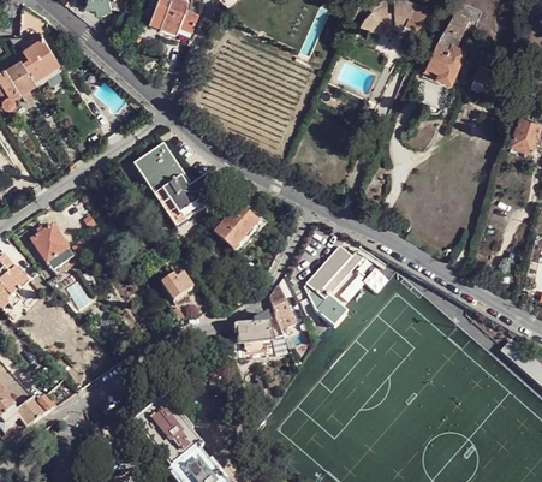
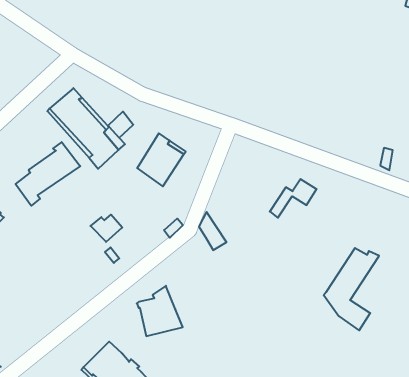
building: none -> [16,142,80,206]
building: [304,244,364,326] -> [324,248,379,330]
building: [236,314,278,361] -> [137,286,183,336]

